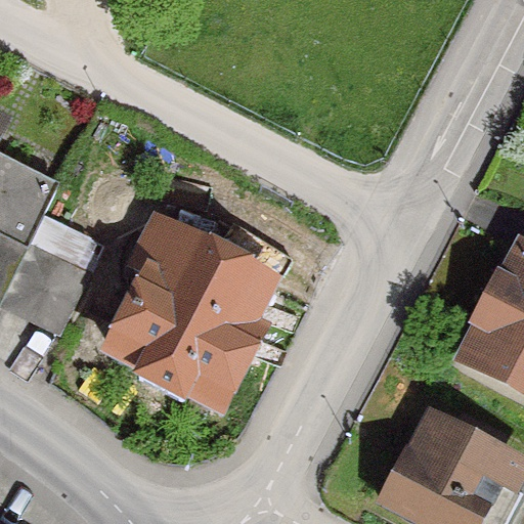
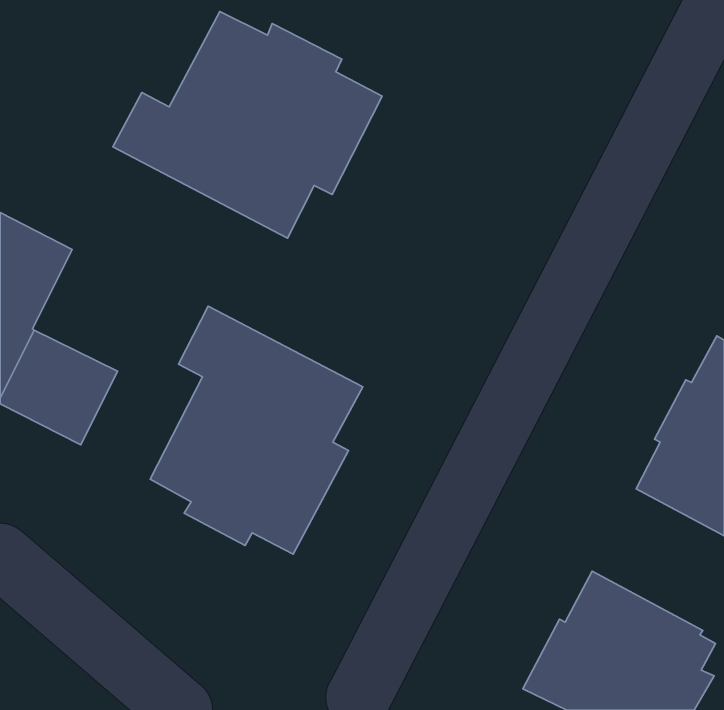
building: none -> [113,12,382,238]

